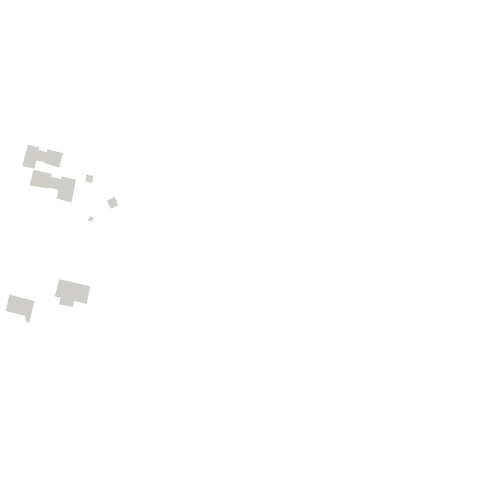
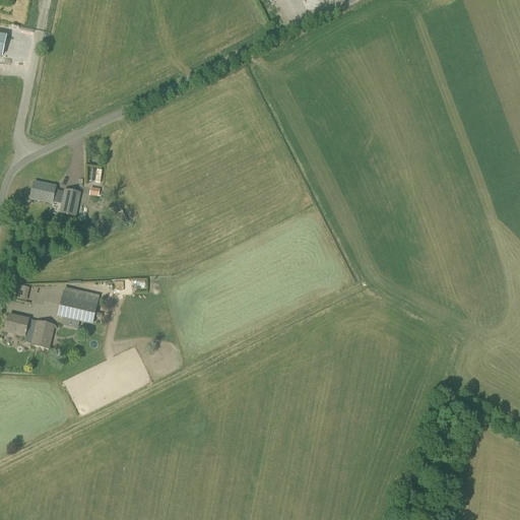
building: [21,144,63,170] -> none
building: none -> [31,318,55,347]

